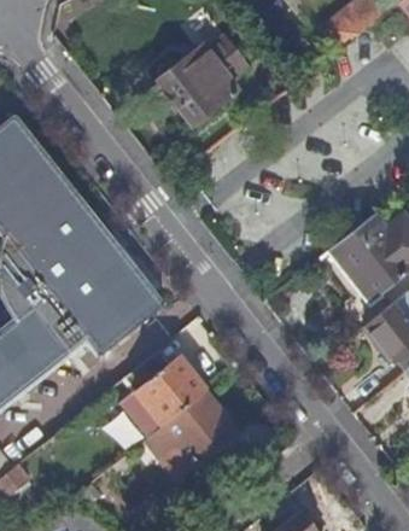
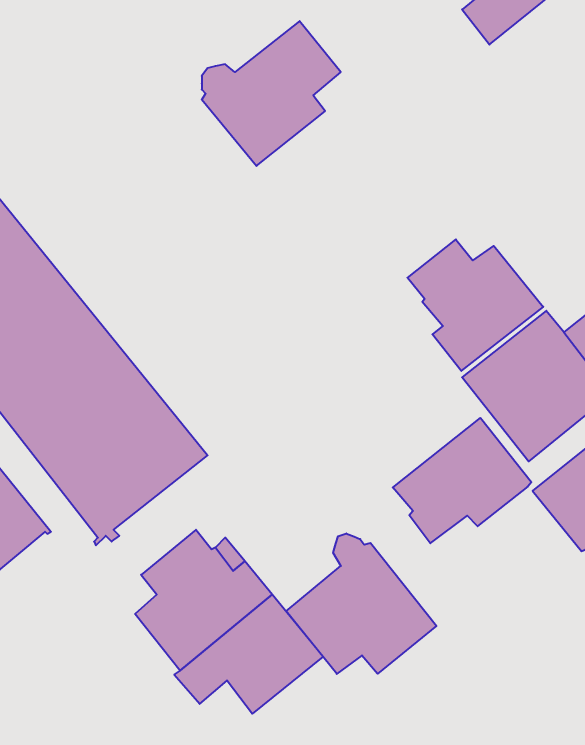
building: none -> [407,239,543,371]
building: none -> [393,418,531,543]
building: none -> [286,533,436,674]

